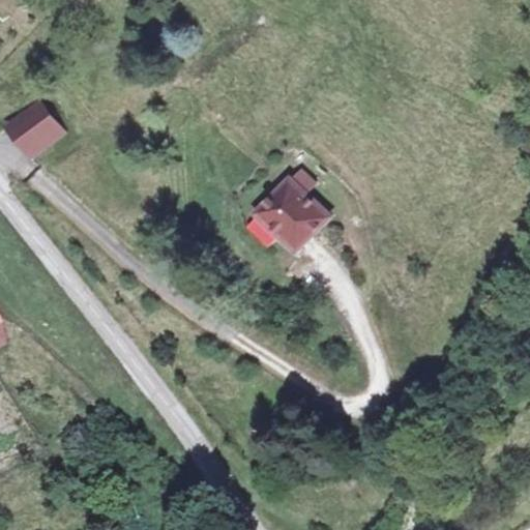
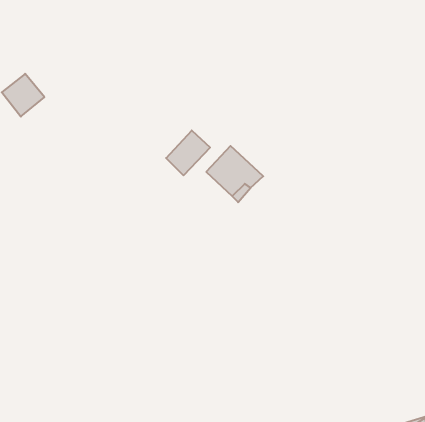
building: none -> [166,130,210,175]

